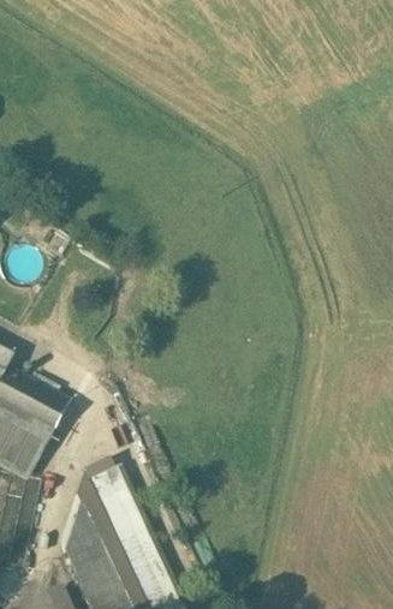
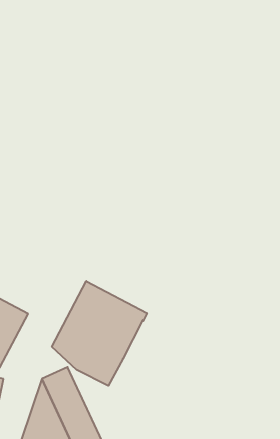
building: none -> [52,281,147,386]

